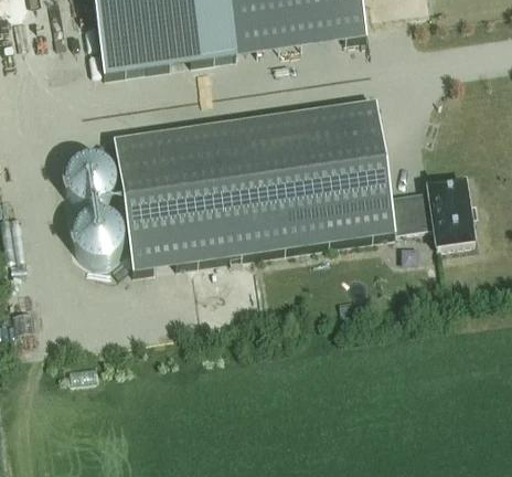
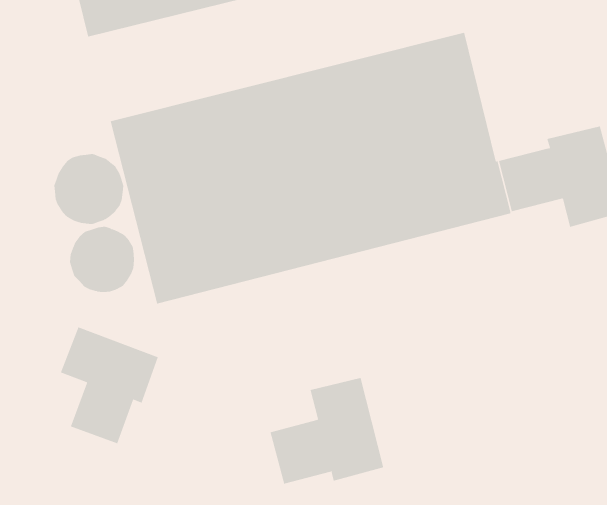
building: none -> [60,326,159,444]
building: none -> [270,377,384,485]

